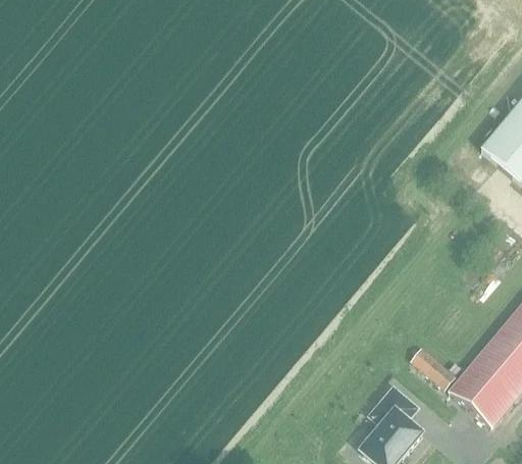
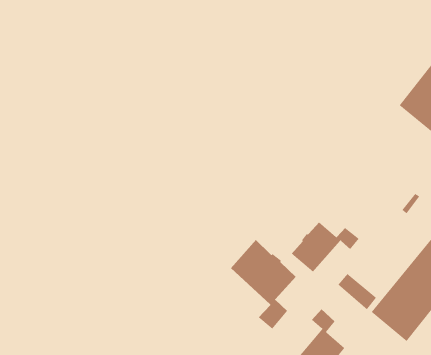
building: none -> [291,221,359,272]
building: none -> [230,239,297,330]

